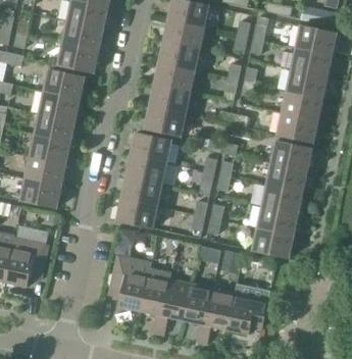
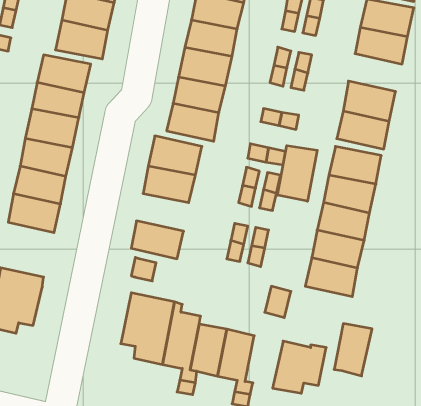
building: [286,68,328,98] -> none
building: none -> [277,146,317,201]
building: [120,177,161,207] -> none
building: [205,289,235,329] -> [334,324,372,376]

